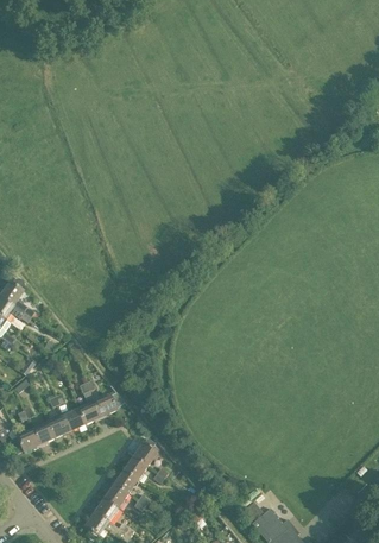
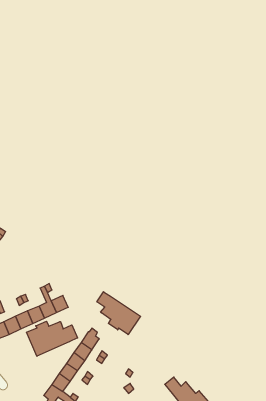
building: none -> [97,292,141,335]
building: none -> [26,321,78,356]

